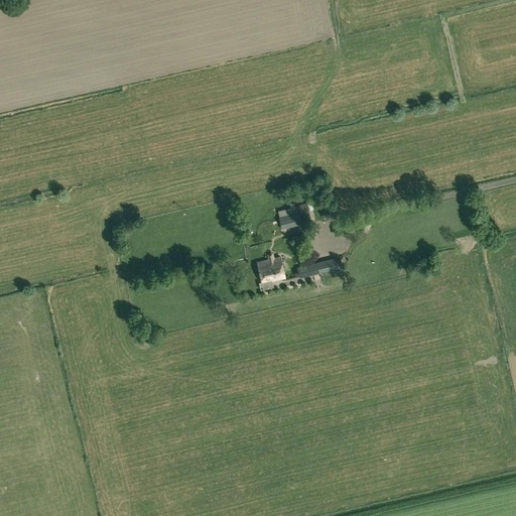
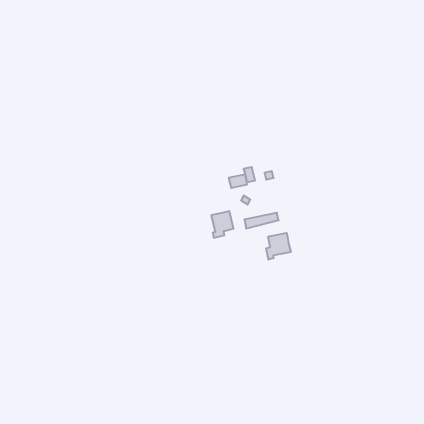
building: none -> [266,233,291,260]

